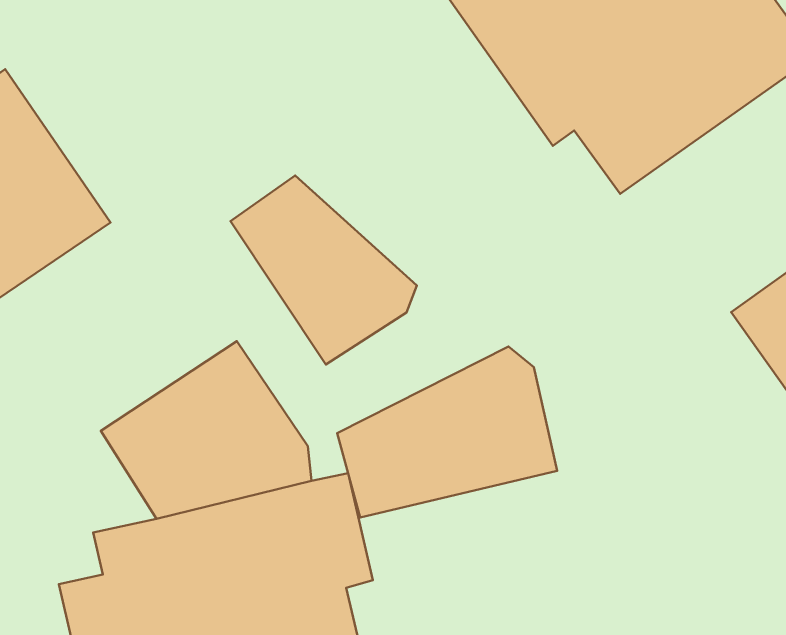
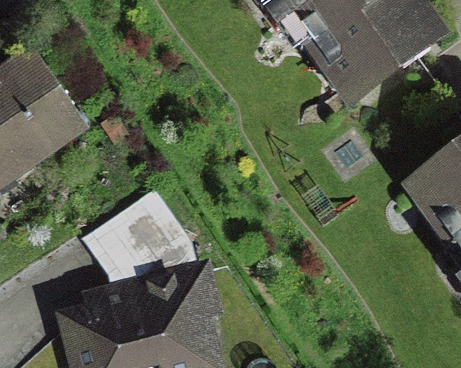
building: [231,176,417,365] -> none
building: [337,347,557,517] -> none

